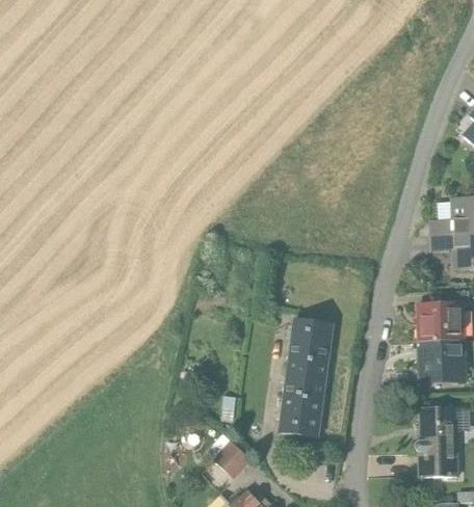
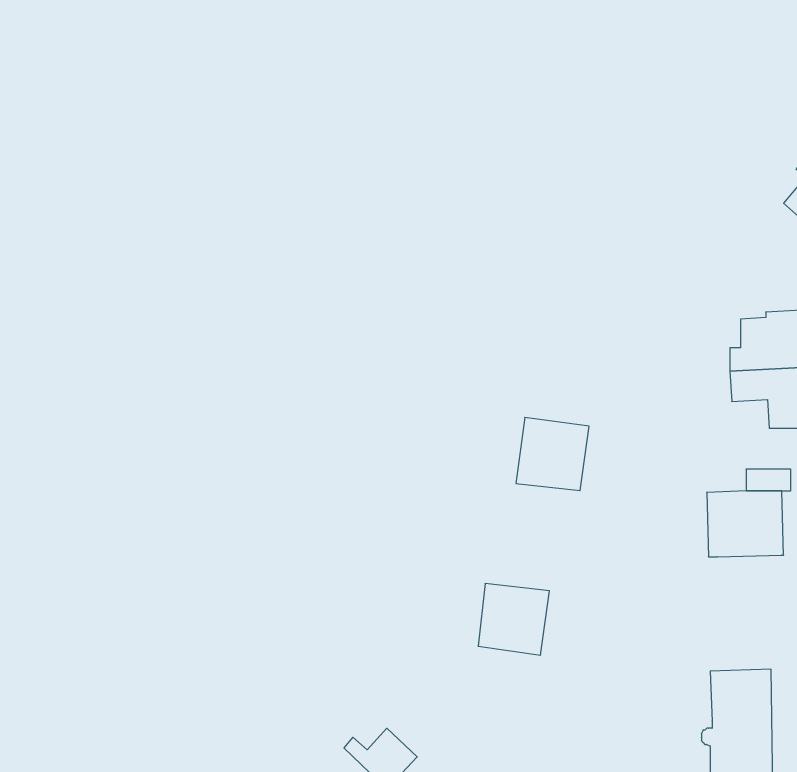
building: [289,319,332,362] -> [516,417,589,491]
building: [420,341,462,383] -> none
building: [279,394,321,437] -> none

